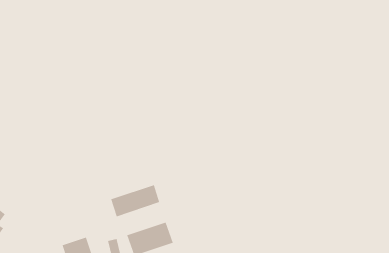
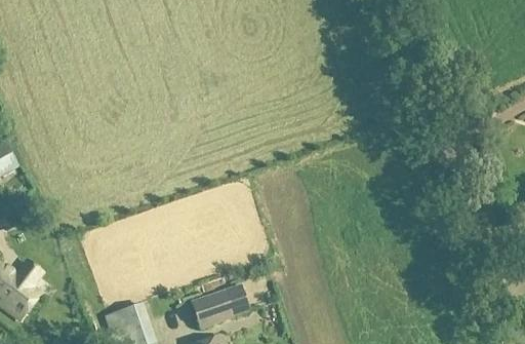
building: [110,184,160,217] -> none

